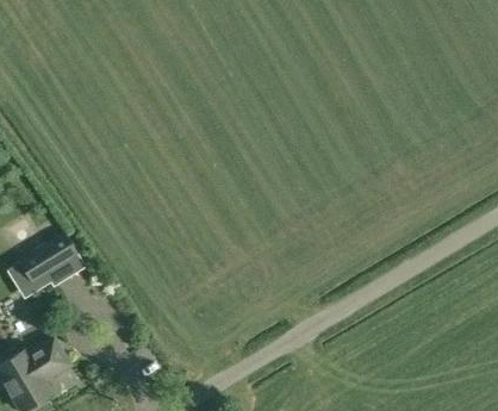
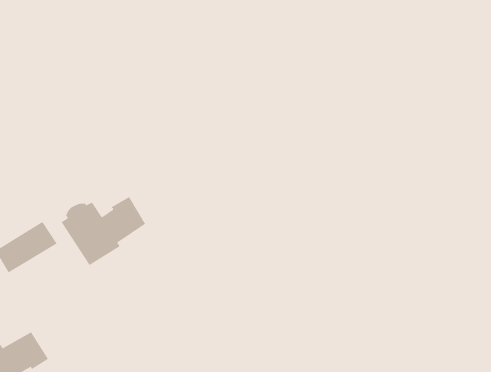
building: none -> [61,196,146,266]

